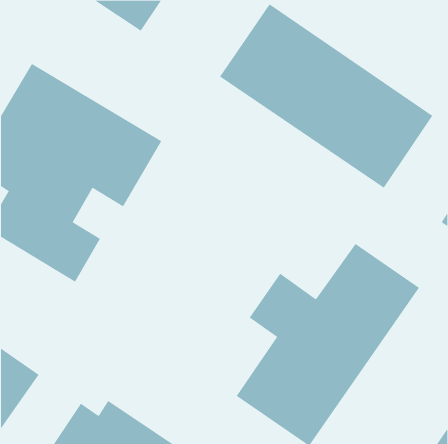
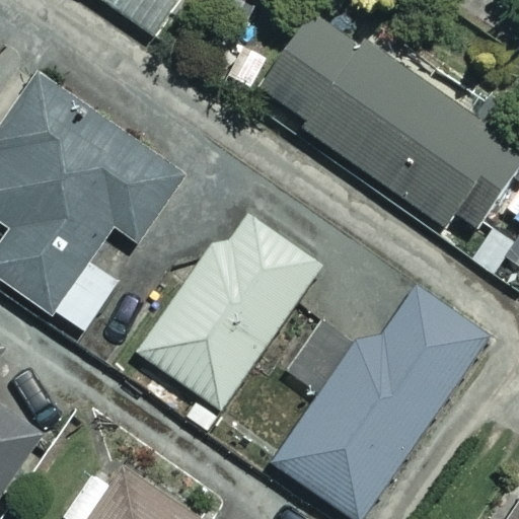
building: none -> [138,210,319,409]

